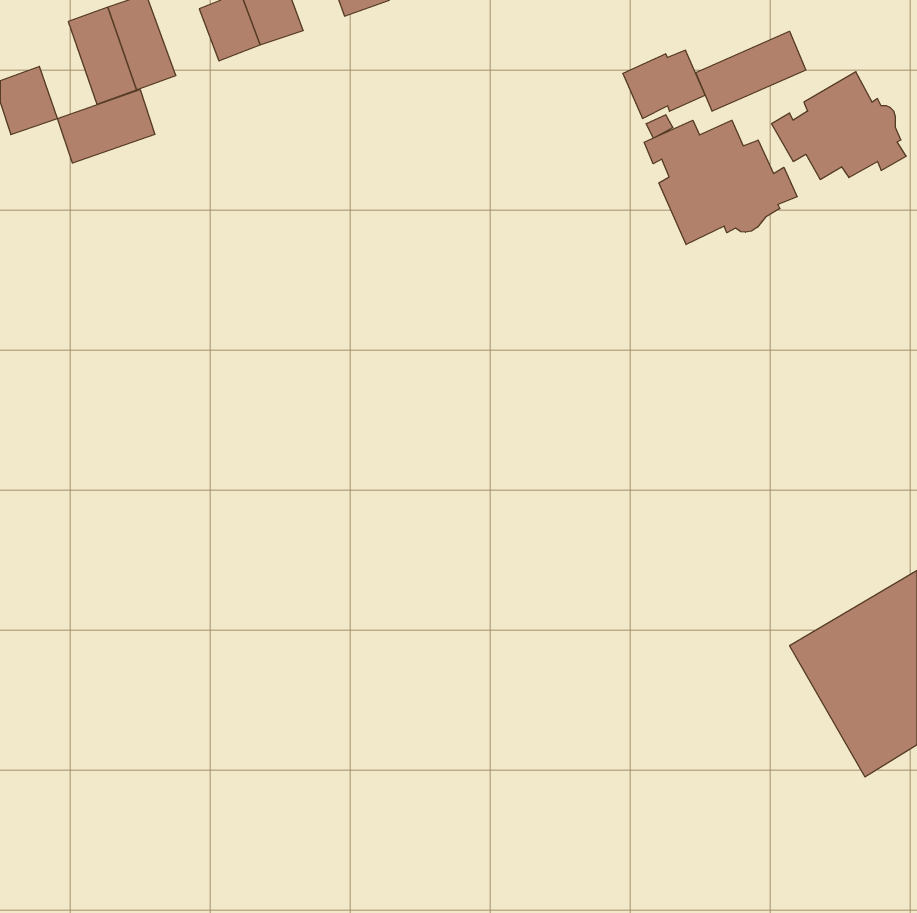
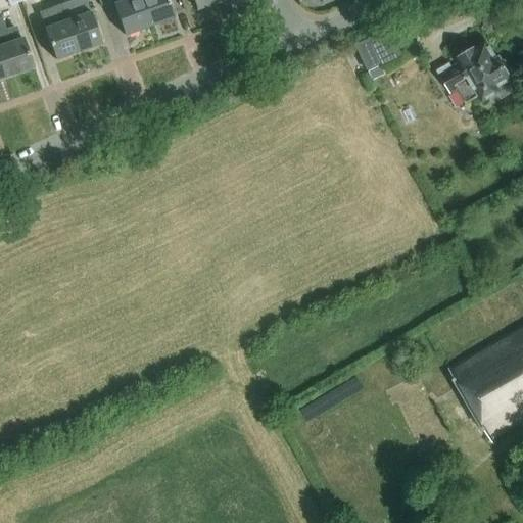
building: [696,31,806,111] -> none
building: [57,90,155,163] -> none
building: [644,120,797,245] -> none

